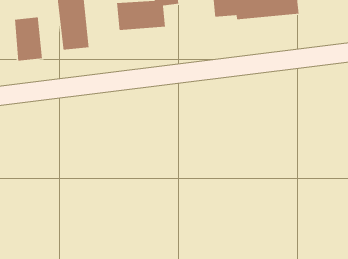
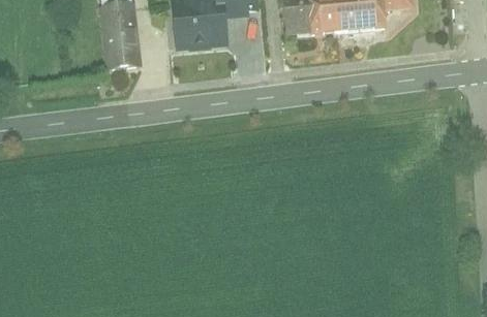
building: [14,17,43,62] -> none

